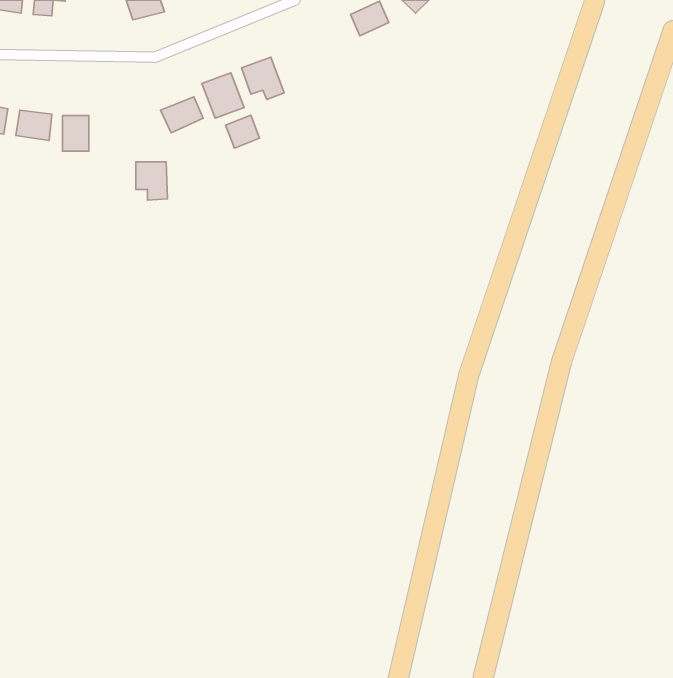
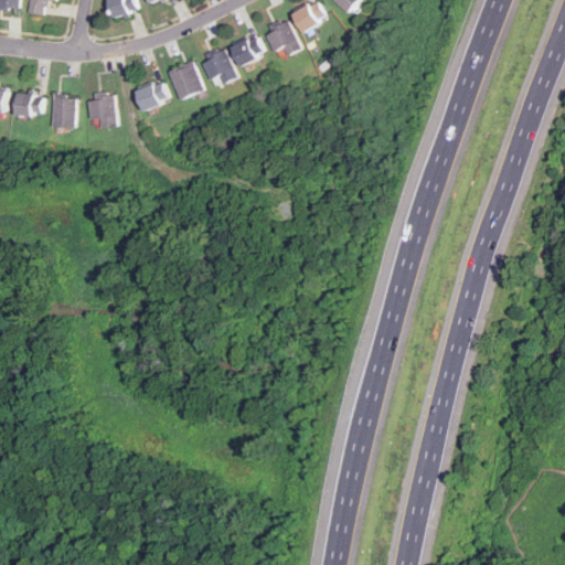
building: none -> [263,19,299,52]
building: none -> [228,34,265,66]
building: [226,115,259,148] -> none
building: [136,162,168,200] -> [88,95,115,127]

